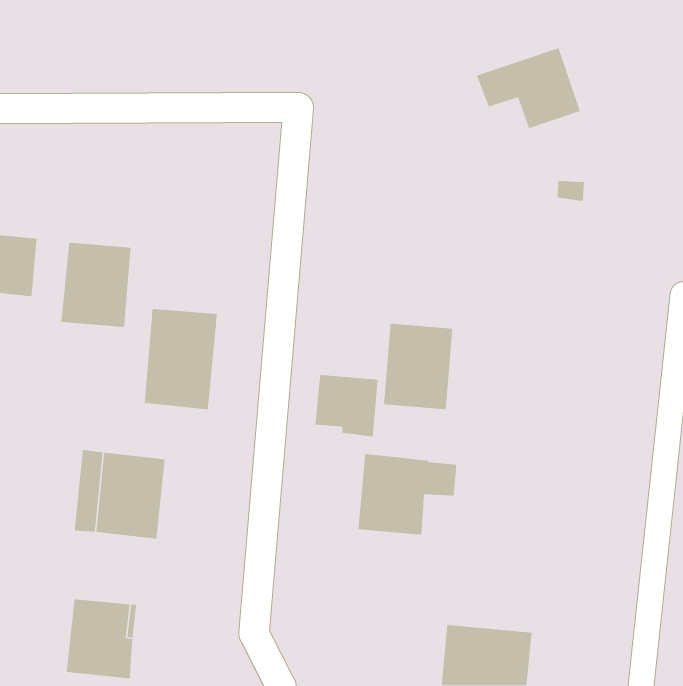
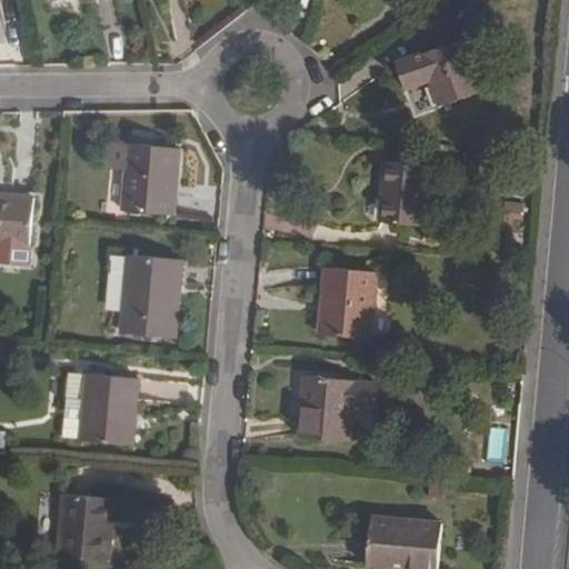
building: none -> [377,160,426,227]
building: [60,242,132,328] -> [119,143,178,214]
building: [315,374,379,437] -> none

